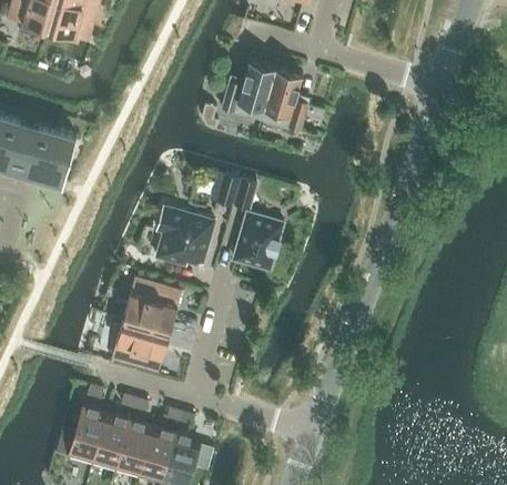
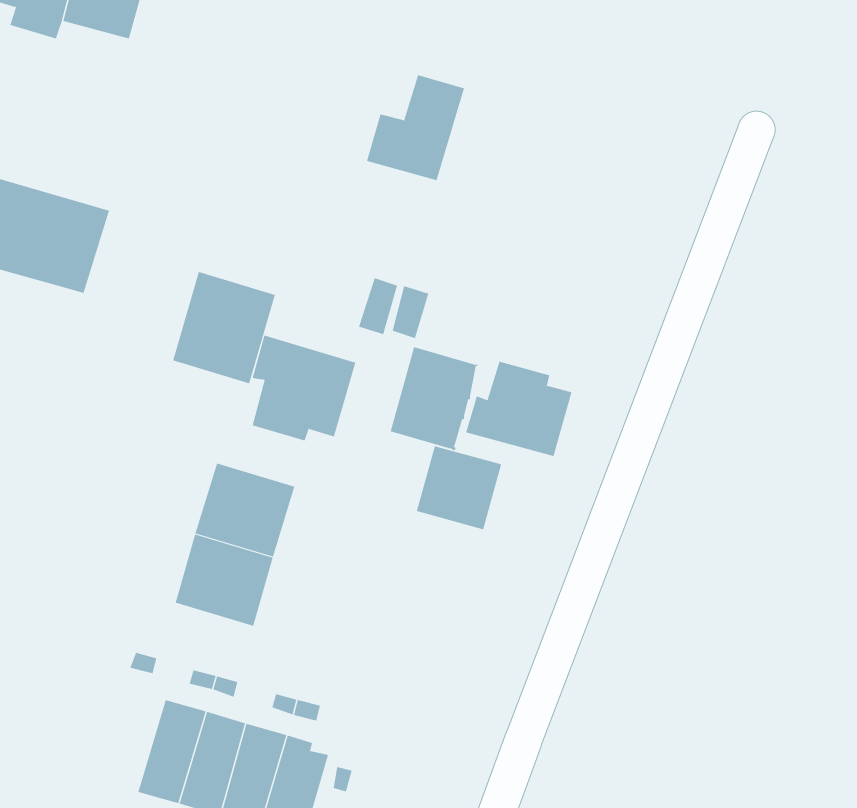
building: [261,67,308,130] -> none
building: none -> [173,271,275,384]
building: none -> [465,361,572,457]
building: none -> [416,445,502,530]
building: [69,404,108,463] -> none

